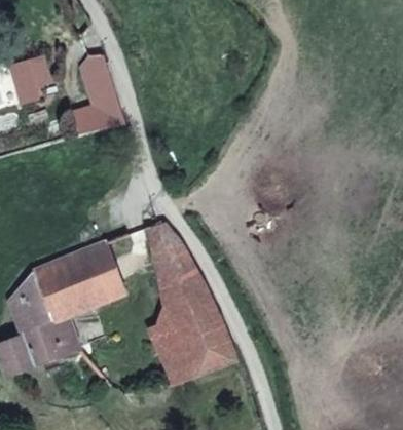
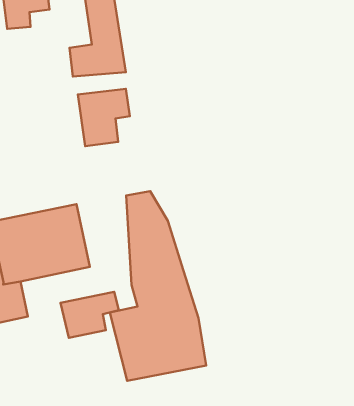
building: none -> [78,89,130,146]
building: none -> [61,292,119,338]

